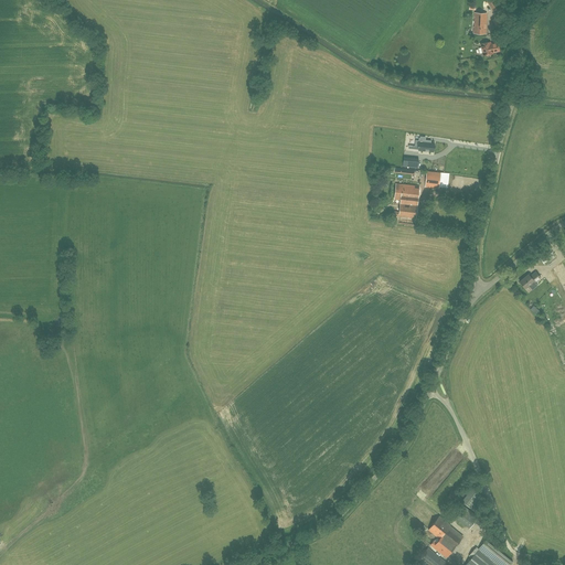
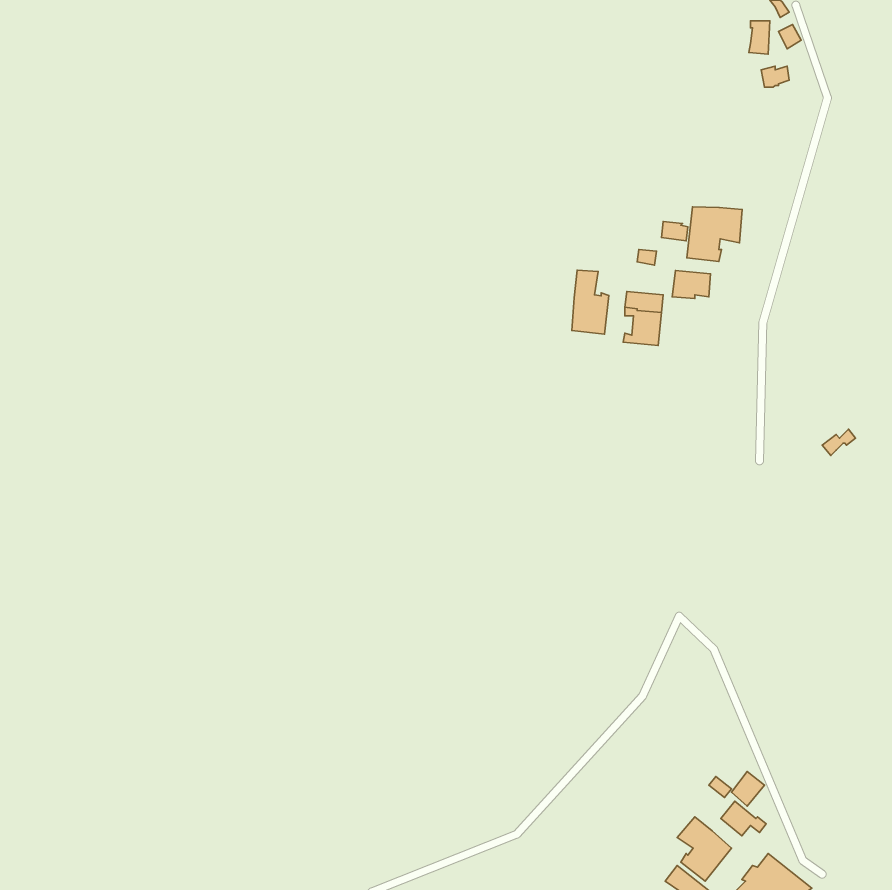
building: none -> [687,207,742,261]
building: none -> [572,270,609,334]

